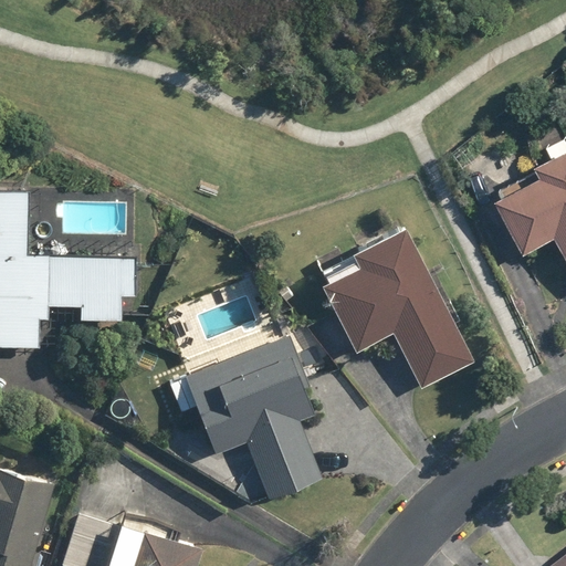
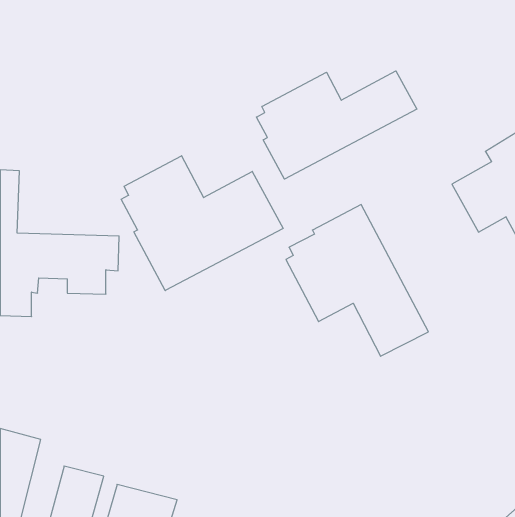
building: none -> [256,71,417,179]
building: none -> [121,156,283,291]
building: [169,335,324,502] -> none

